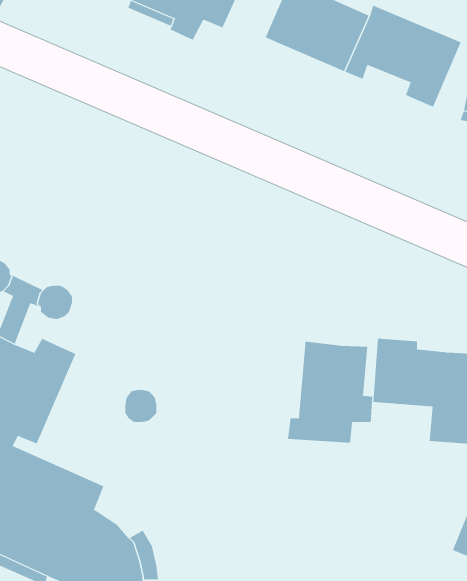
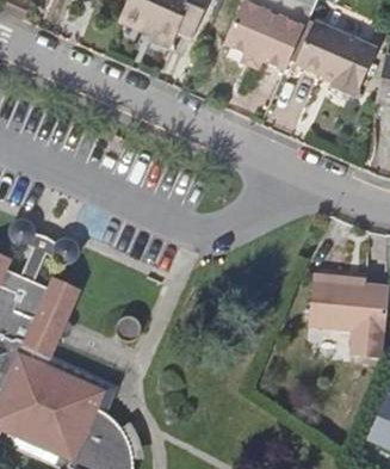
building: [287,341,373,444] -> none

